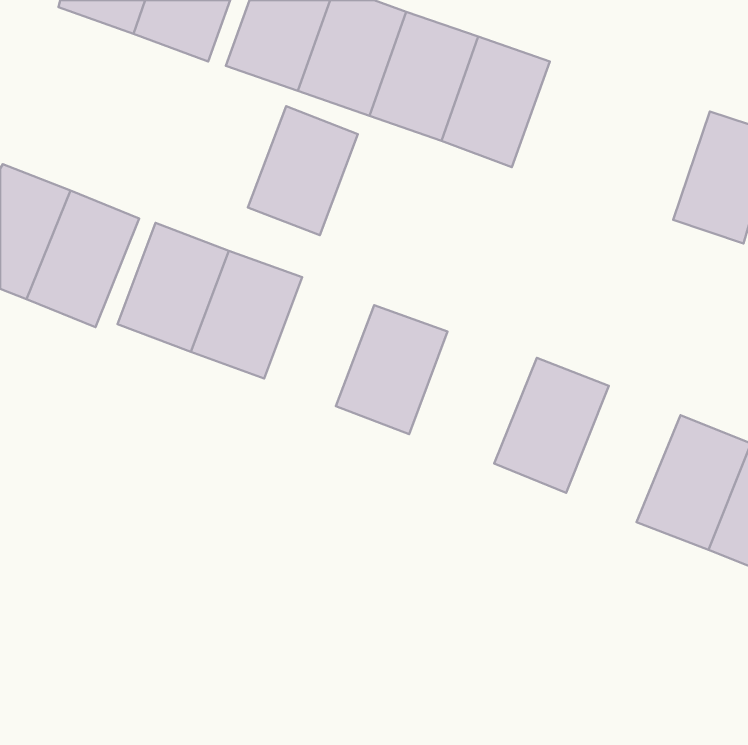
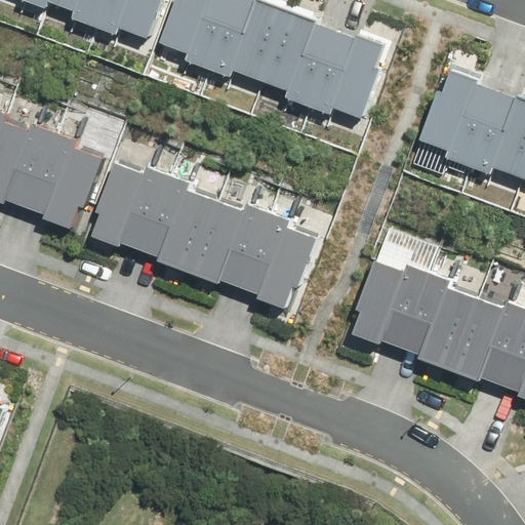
building: none -> [421,64,497,157]
building: [248,106,358,235] -> [186,197,262,287]
building: none -> [397,273,477,368]

